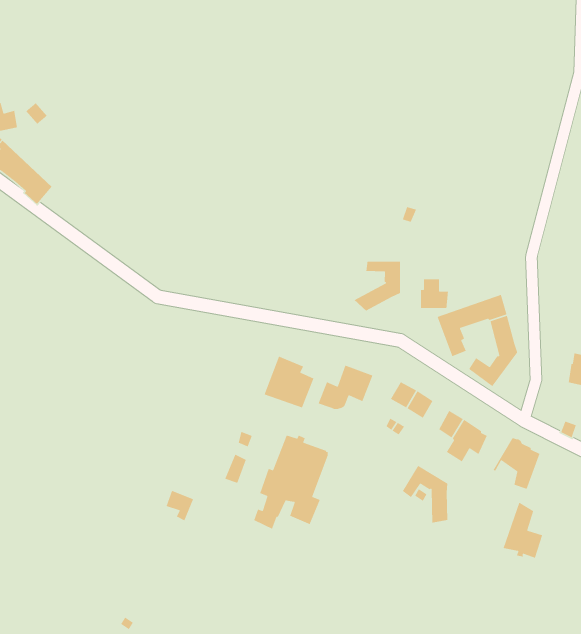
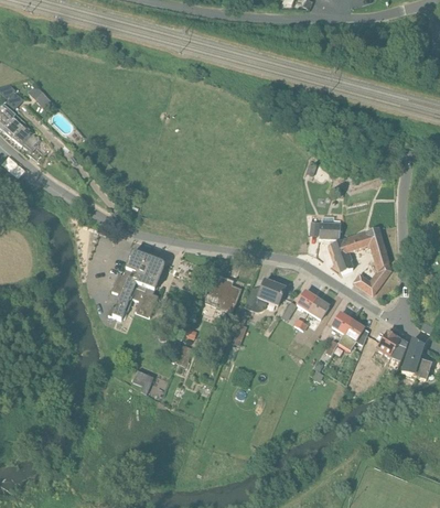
building: [354,261,401,312] -> none
building: [253,435,328,530] -> [108,250,163,320]
building: [402,465,448,523] -> none
building: [502,502,543,559] -> [400,337,430,379]

